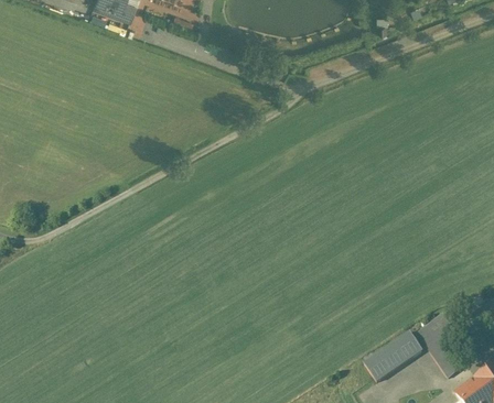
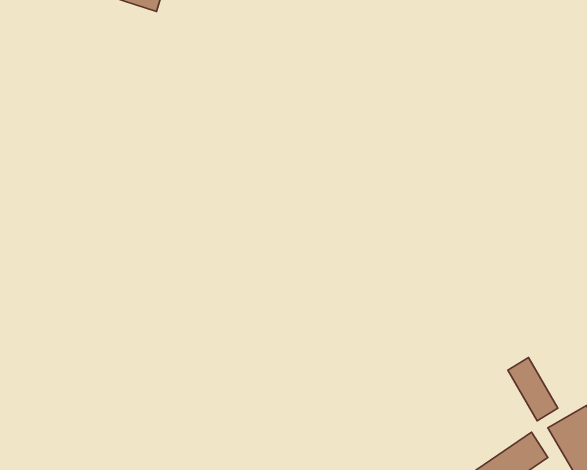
building: none -> [508,358,558,421]

